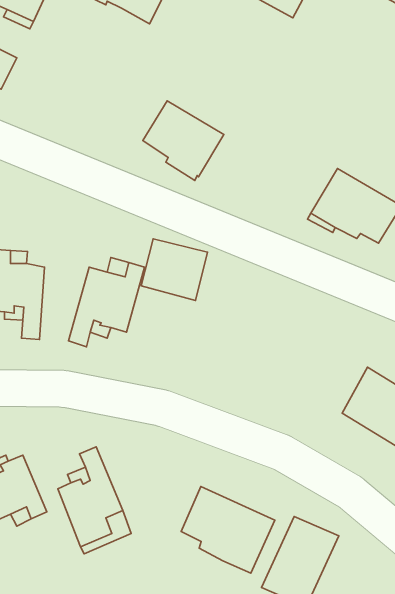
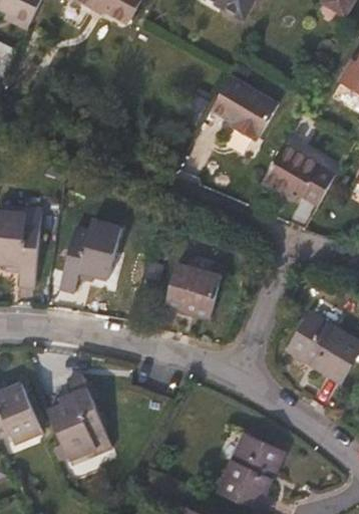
building: [143,101,224,180] -> [210,76,277,143]
building: [141,239,208,300] -> [165,265,221,316]
building: [181,487,275,573] -> none

